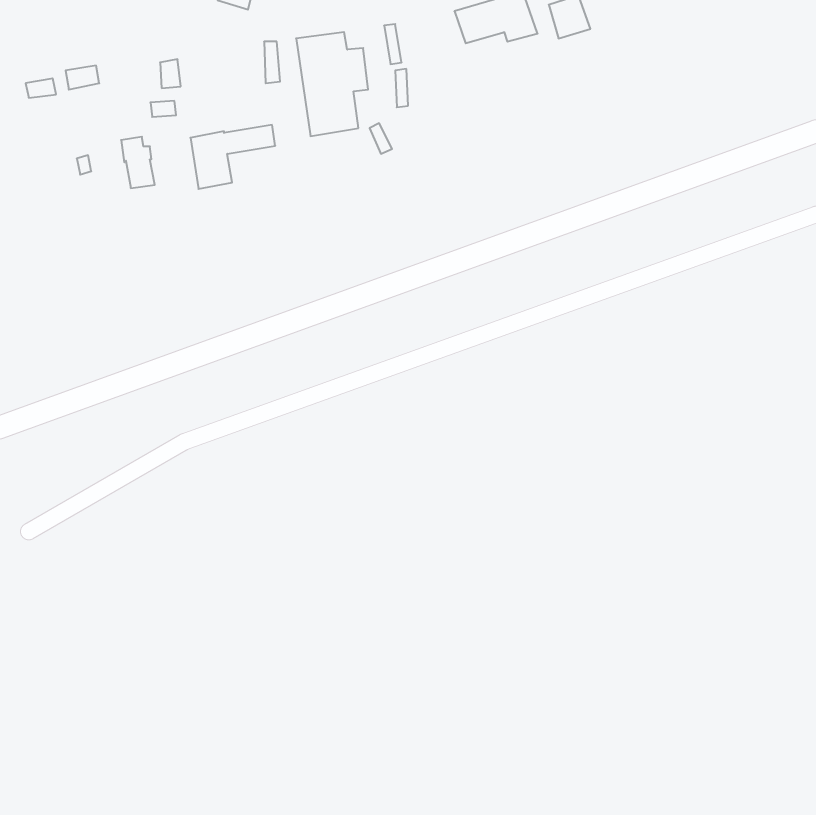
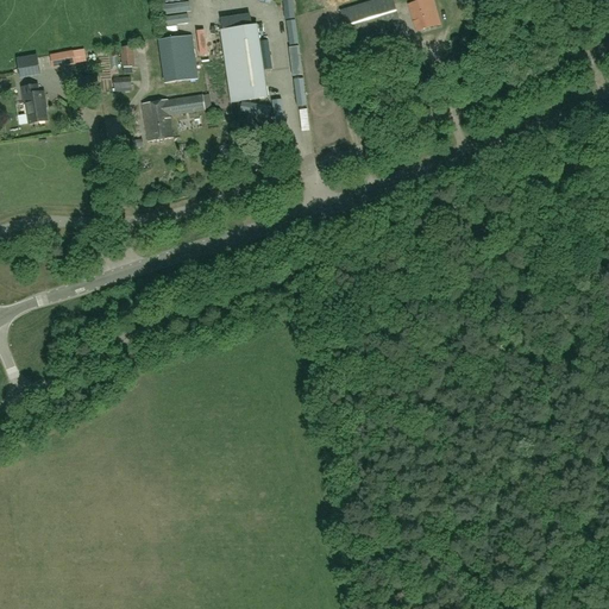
building: none -> [157,33,196,82]
building: [121,137,155,188] -> [21,83,46,121]

